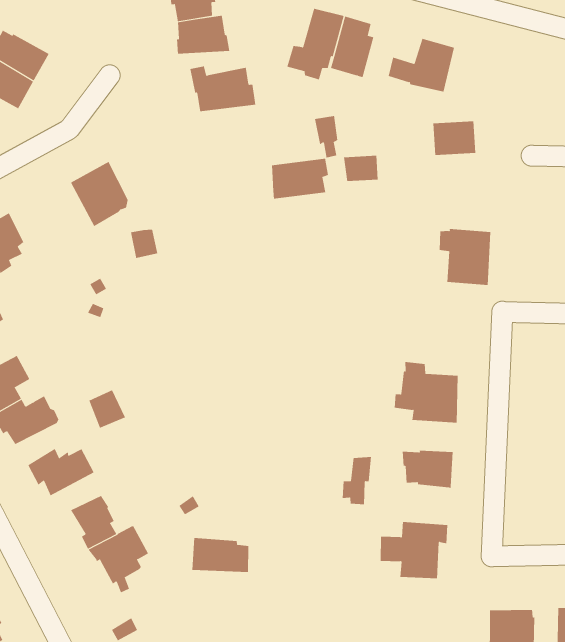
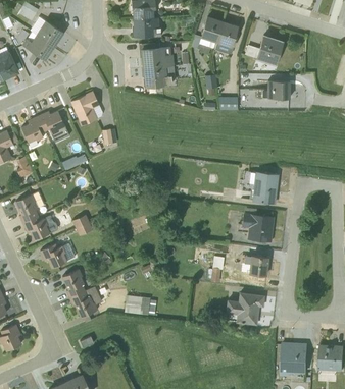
building: [271,158,329,199] -> [144,66,175,87]
building: none -> [38,111,68,143]
building: [439,229,491,285] -> [249,172,278,204]

